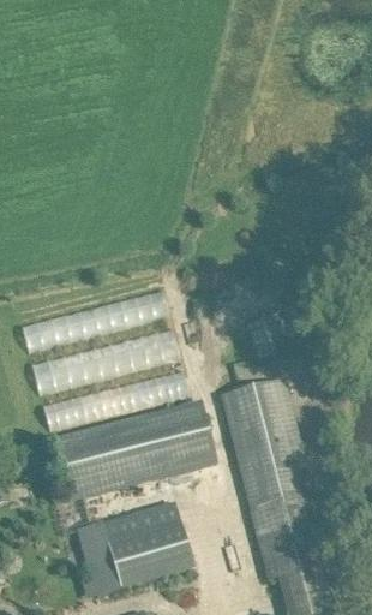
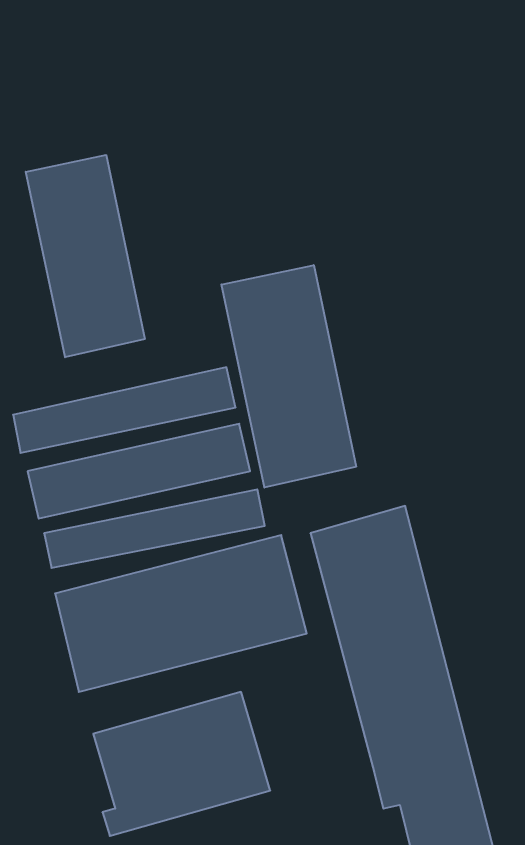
building: none -> [26,155,145,357]
building: none -> [221,265,356,488]

